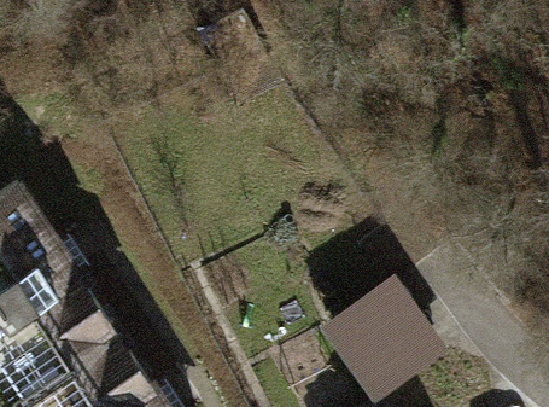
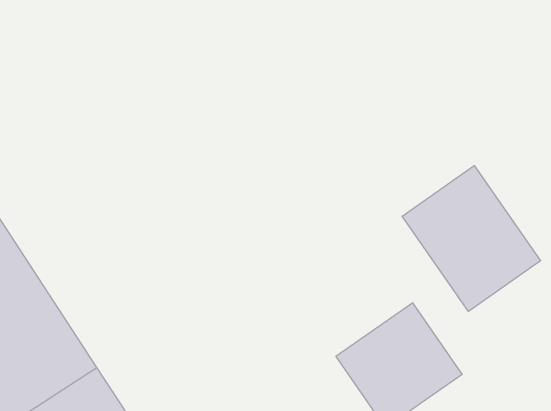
building: none -> [402,166,541,311]

